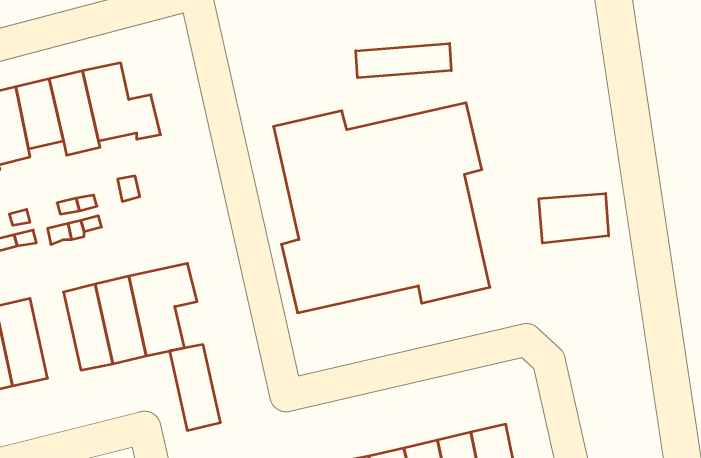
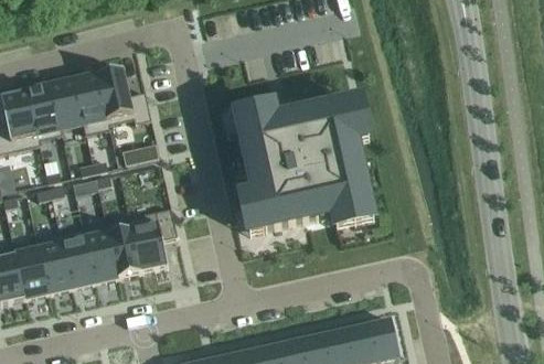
building: [356,43,451,78] -> none
building: [539,193,609,243] -> none
building: [170,345,221,430] -> [61,226,96,286]

